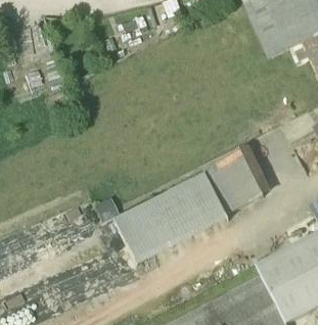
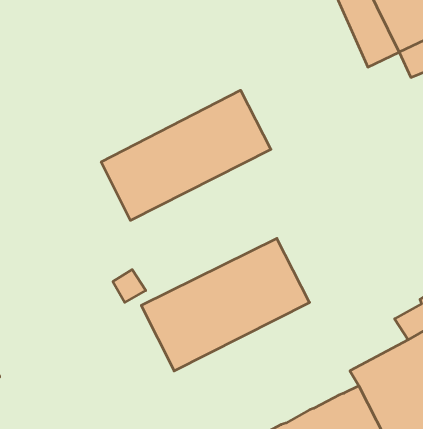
building: none -> [101,90,271,220]
building: [207,147,267,212] -> none

